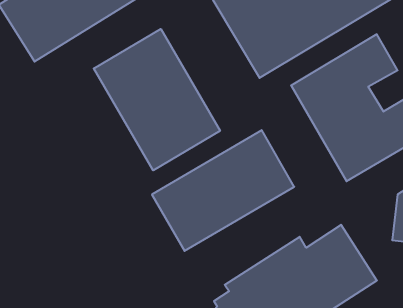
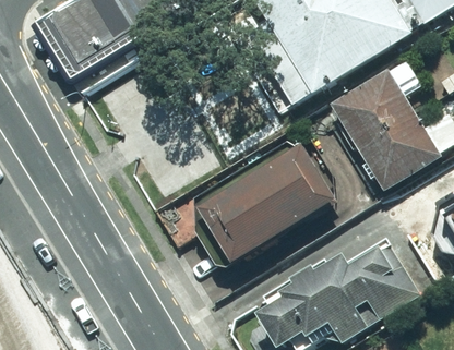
building: [94,29,220,170] -> none

